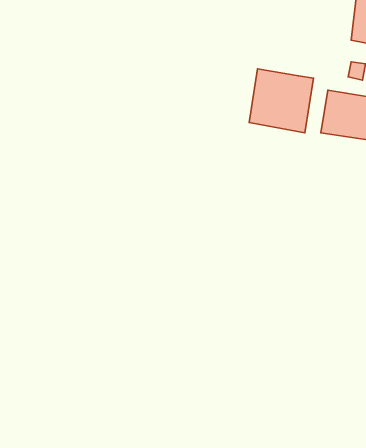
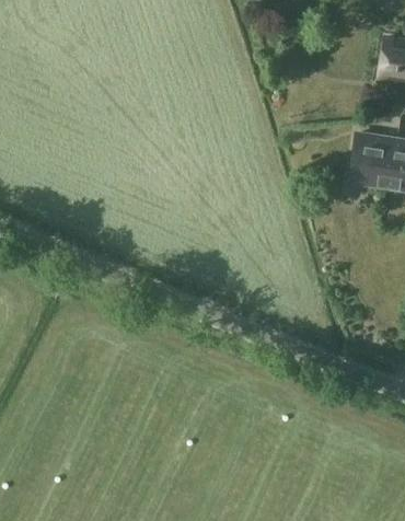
building: [249,69,313,133] -> none

